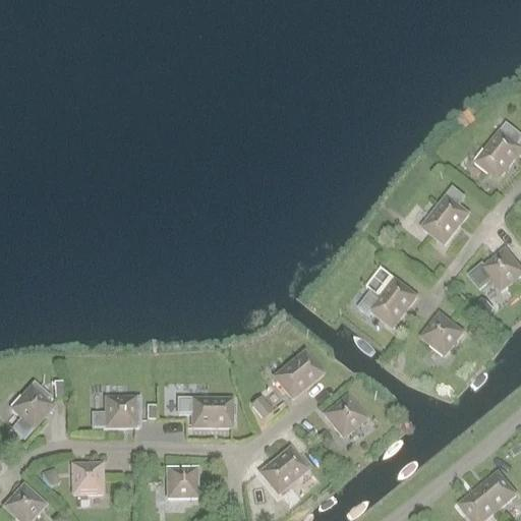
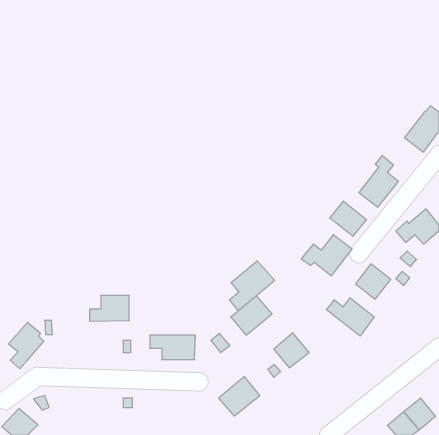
building: none -> [330,201,367,236]
building: none -> [229,261,275,311]
building: none -> [326,298,374,336]
building: [92,396,138,426] -> [90,295,129,321]
building: [71,462,101,493] -> none
building: [170,462,200,493] -> none

